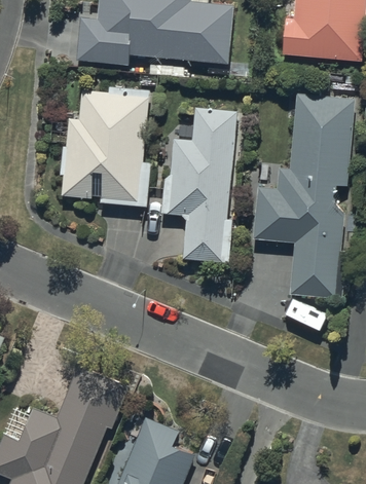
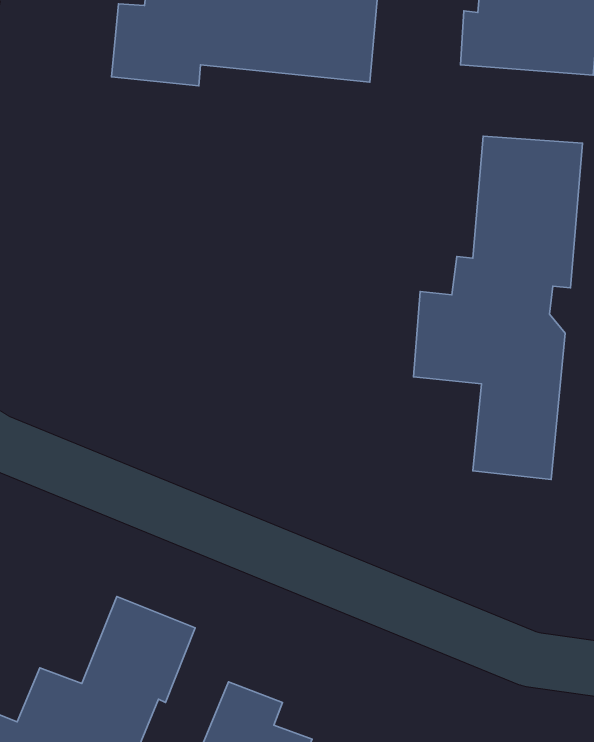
building: [61,86,152,207] -> none
building: [161,108,237,261] -> none

